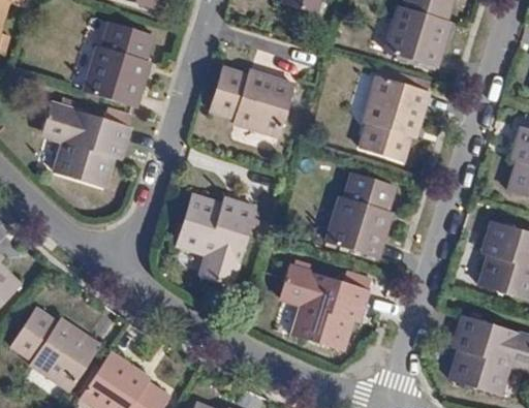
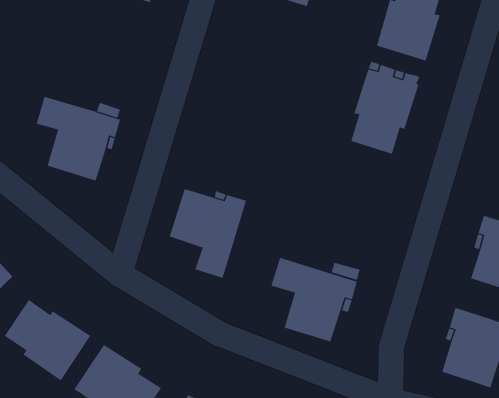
building: [85,21,152,104] -> none
building: [209,67,294,135] -> none
building: [325,172,395,257] -> none

